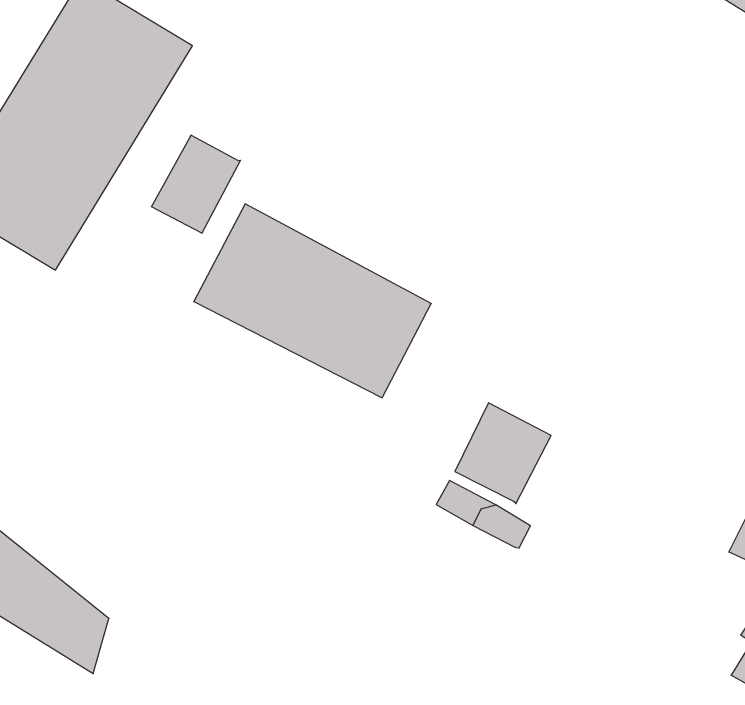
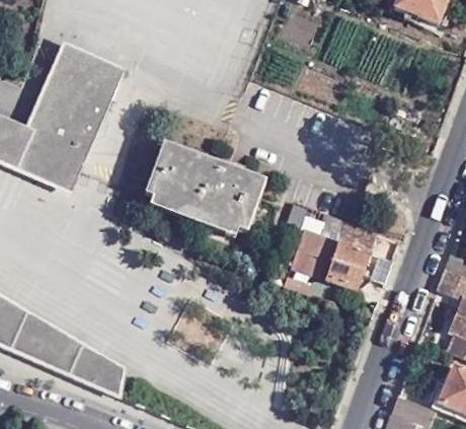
building: [152,135,240,233] -> none
building: none -> [321,214,375,290]

